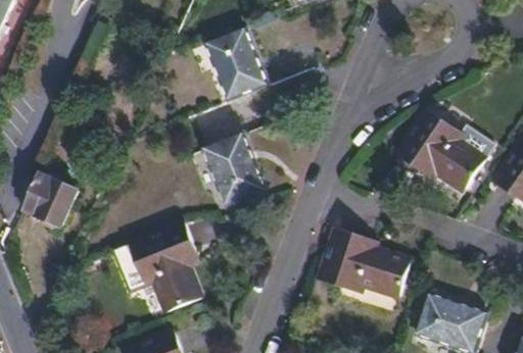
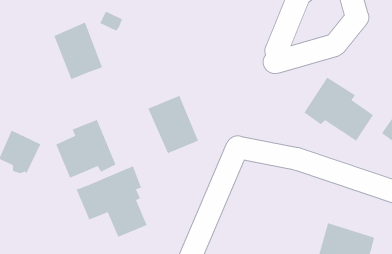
building: [207,27,269,98] -> [53,22,103,80]
building: none -> [56,119,116,178]
building: [317,225,408,292] -> none

